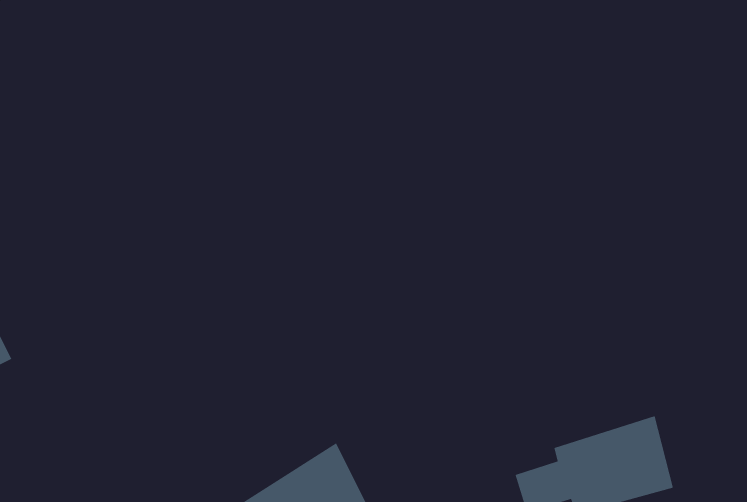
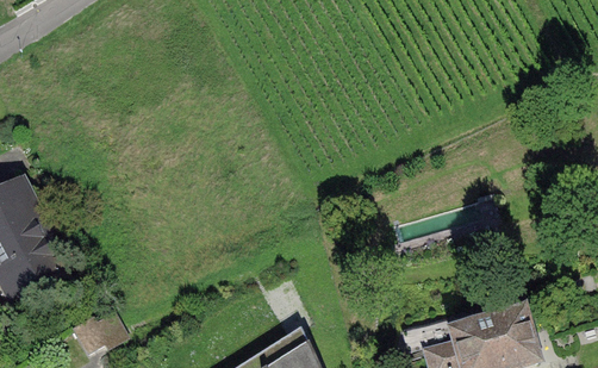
building: none -> [73,310,125,348]

